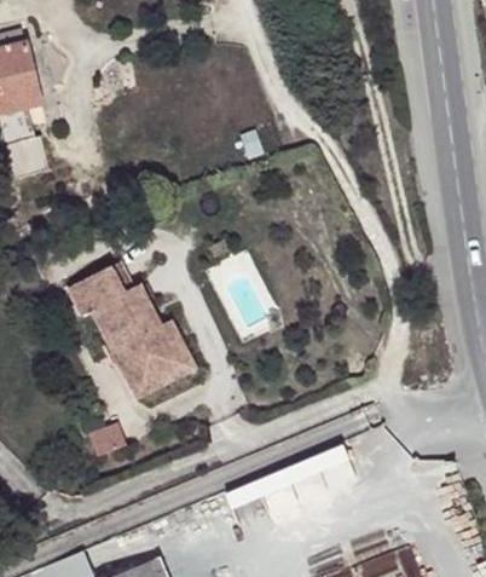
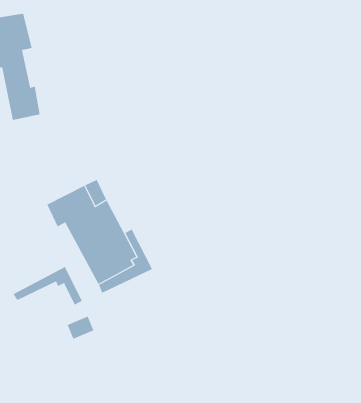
building: none -> [13,266,82,305]

